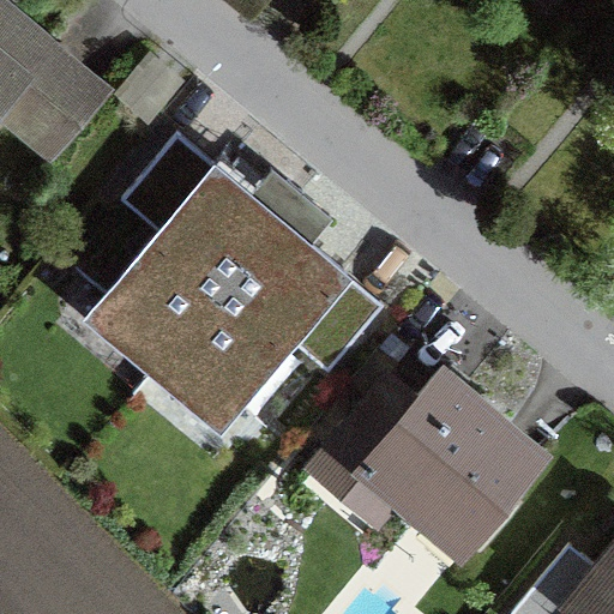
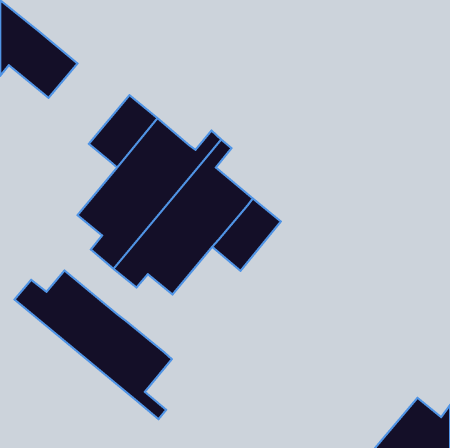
building: [302,371,554,574] -> none
building: none -> [14,270,172,419]

